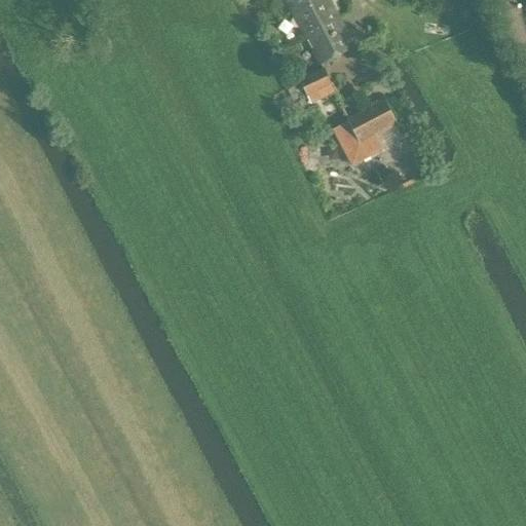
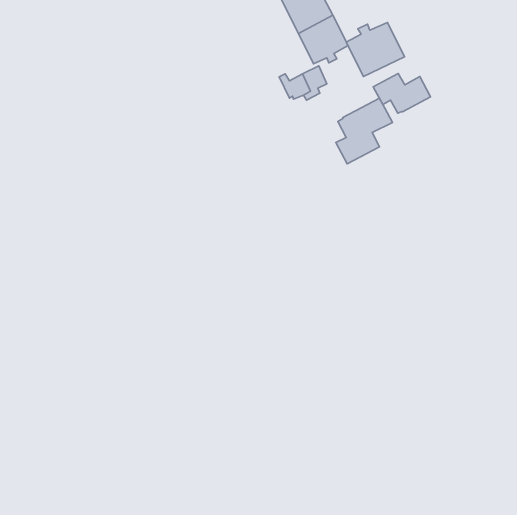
building: none -> [346,23,405,76]
building: none -> [373,73,431,113]

